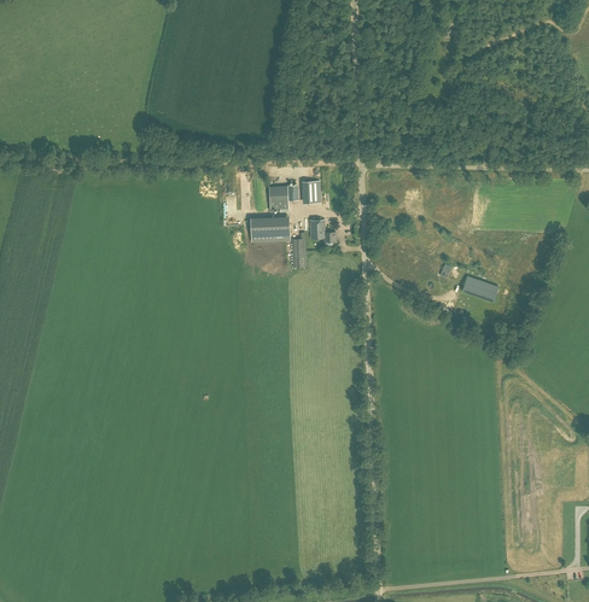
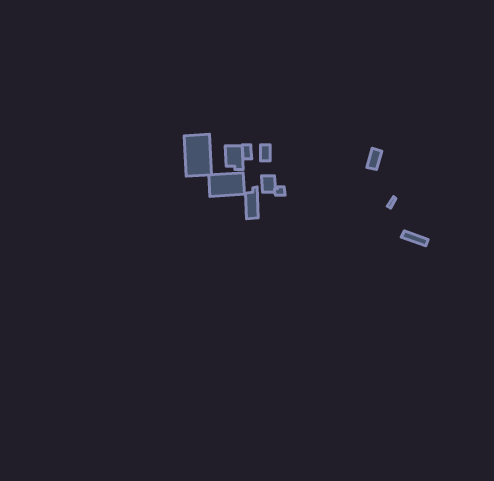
building: none -> [184,134,211,176]

